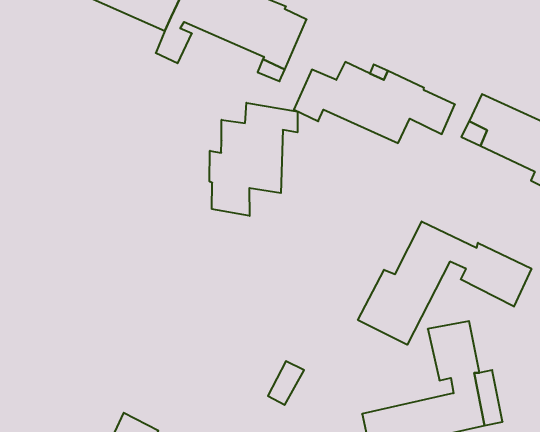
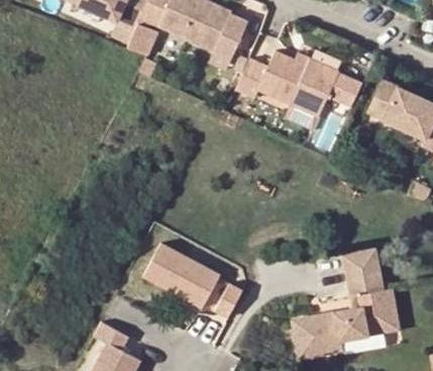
building: [210,103,297,216] -> none
building: [358,221,531,345] -> none
building: none -> [143,246,220,310]

